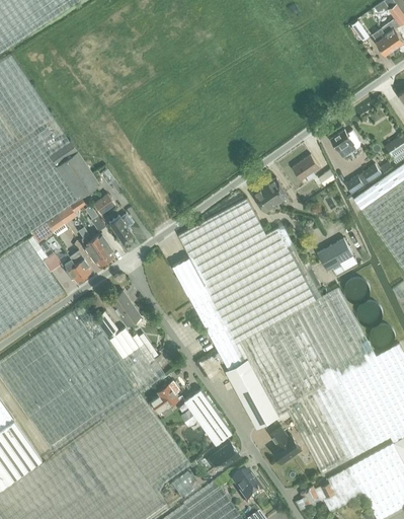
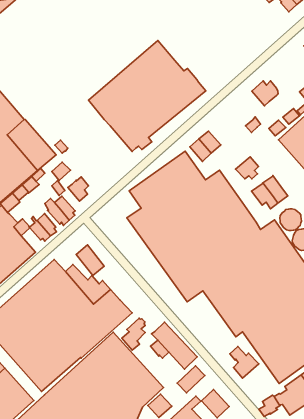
building: none -> [88,41,206,151]
building: [293,155,319,180] -> [236,157,258,179]
building: [226,359,279,428] -> none

